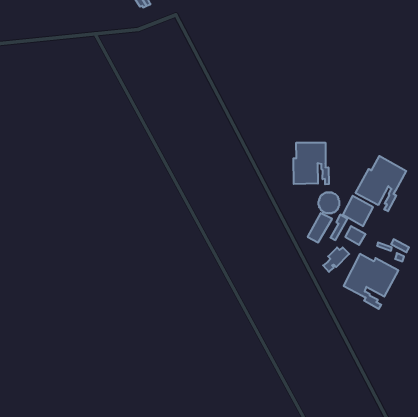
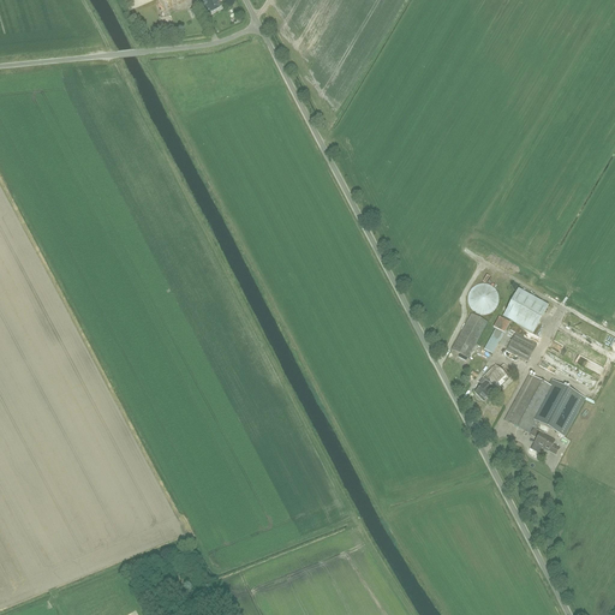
building: [293,143,329,184] -> none
building: [356,156,406,211] -> none

